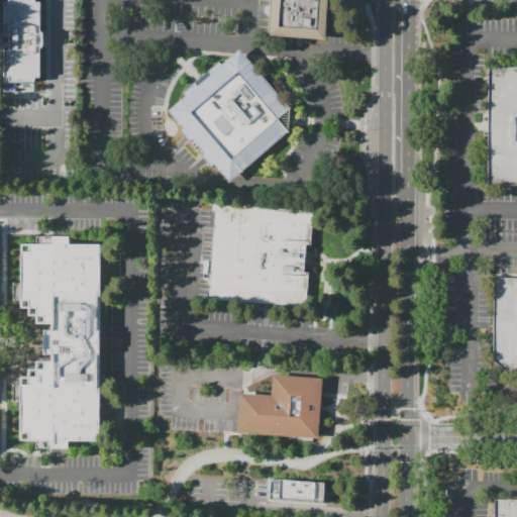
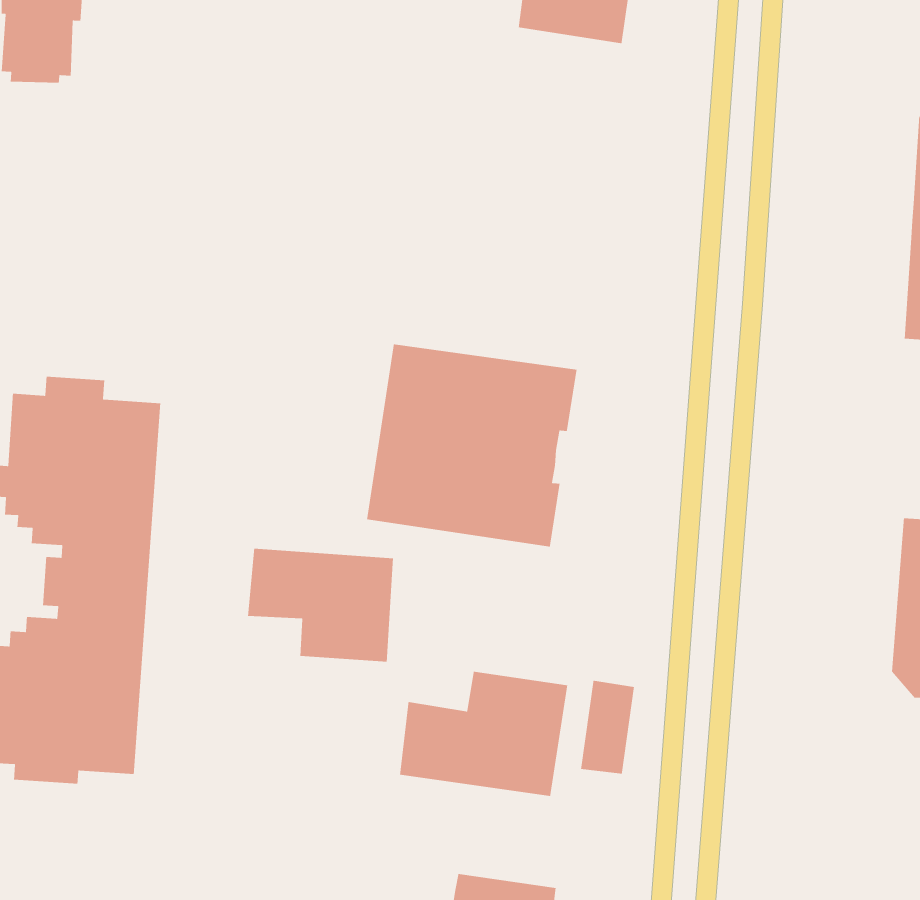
building: [168,48,290,181] -> none
building: none -> [247,548,394,662]
building: none -> [580,680,635,774]

